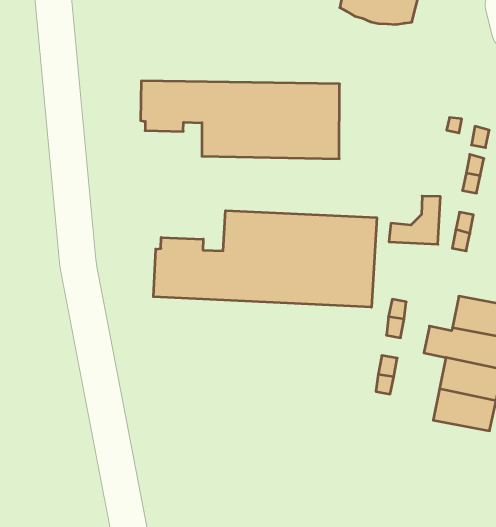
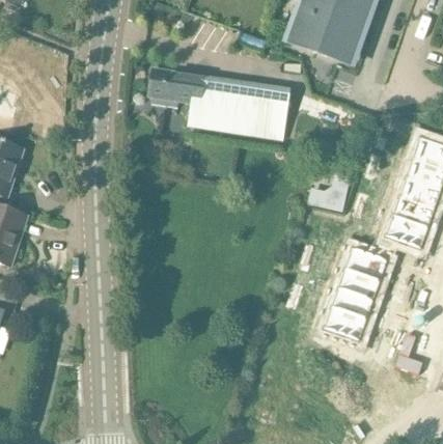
building: [153,211,377,307] -> none

